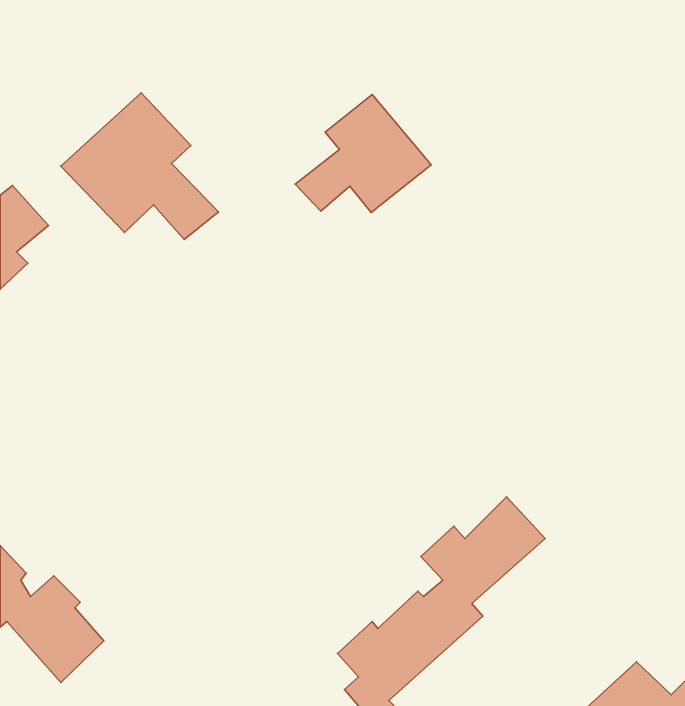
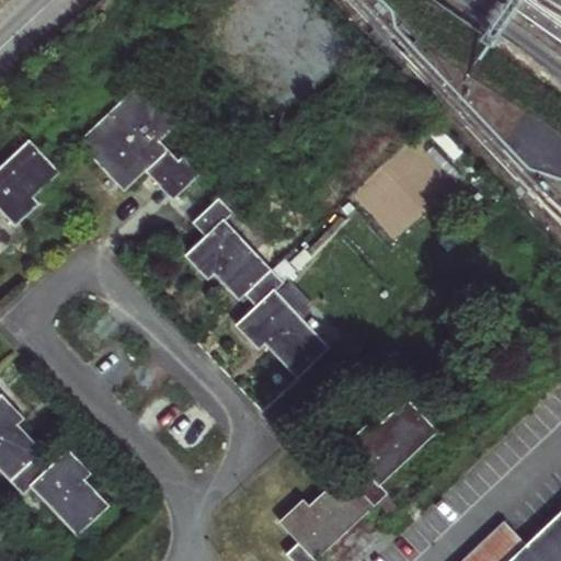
building: [295,94,431,212] -> none
building: none -> [176,193,324,373]

